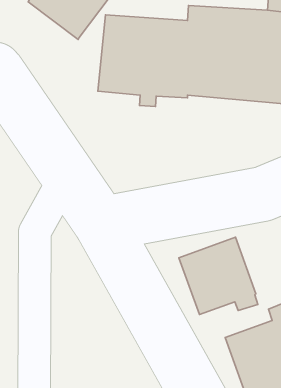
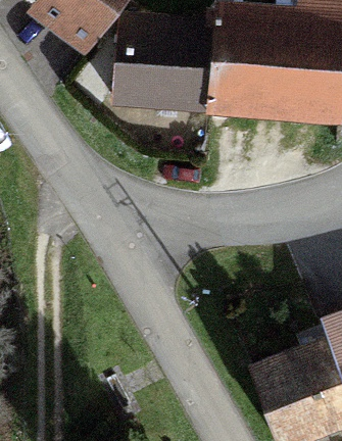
building: [179,237,258,315] -> none

